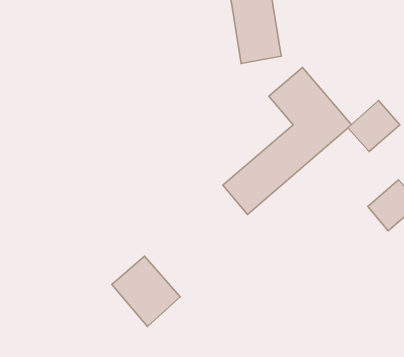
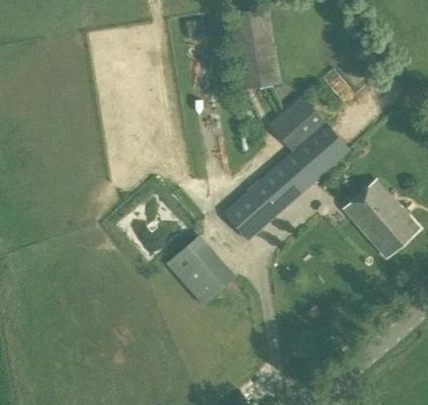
building: [348,100,400,151] -> [345,182,397,233]
building: [112,256,180,326] -> [167,236,235,306]

